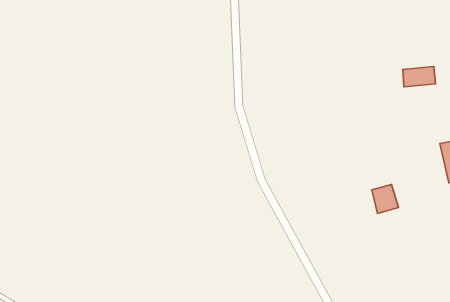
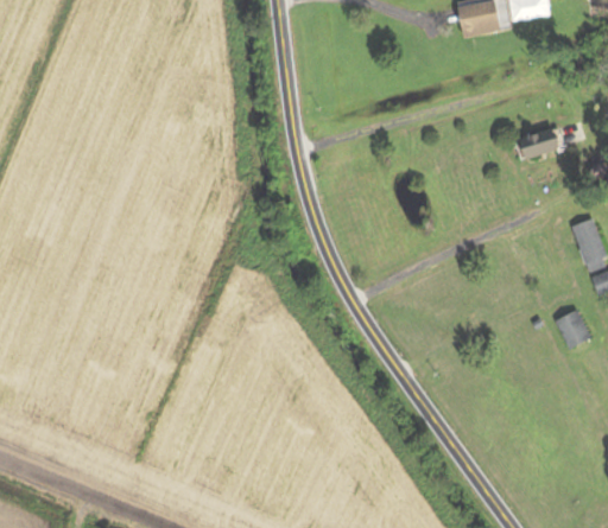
building: [372,185,398,214] -> [556,308,591,346]

